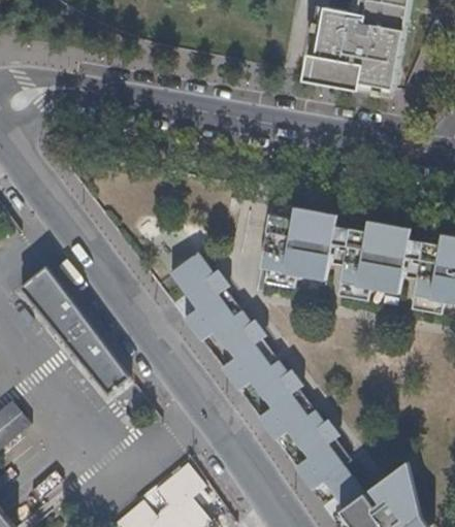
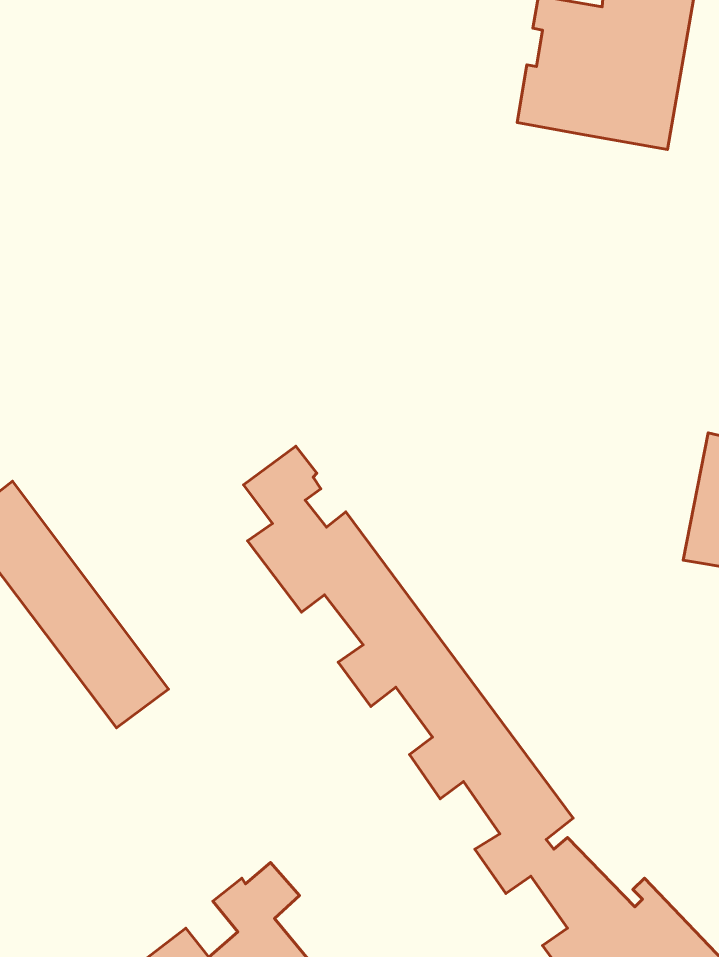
building: [262,207,336,288] -> none
building: [335,221,411,302] -> none

